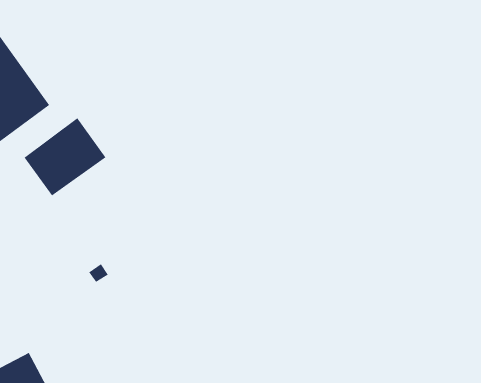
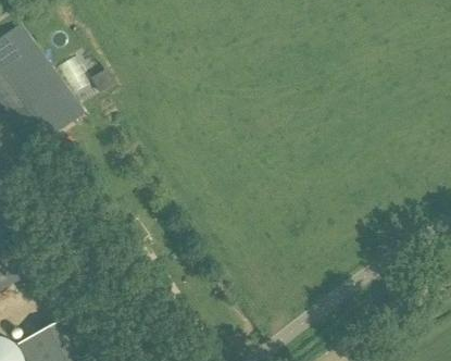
building: [23,117,106,196] -> none

